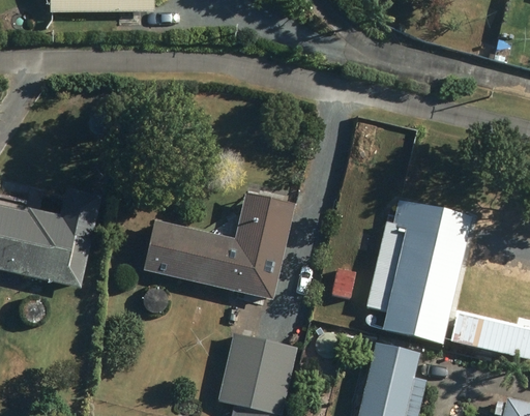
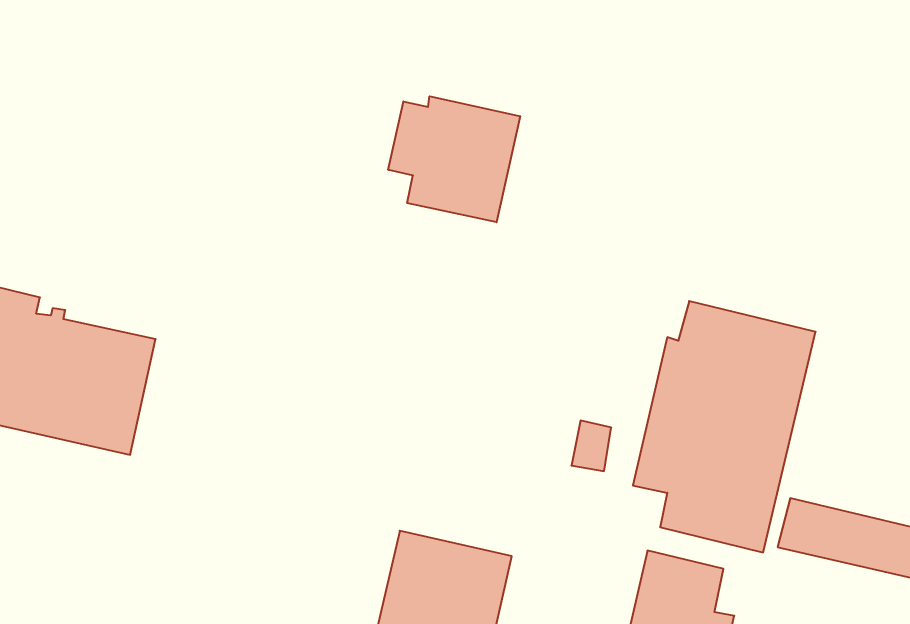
building: none -> [388,96,520,222]
building: [143,195,294,302] -> none

